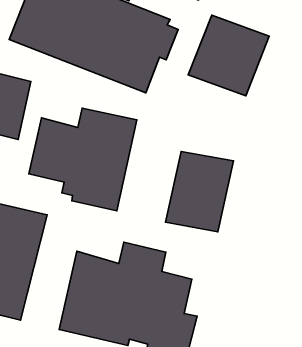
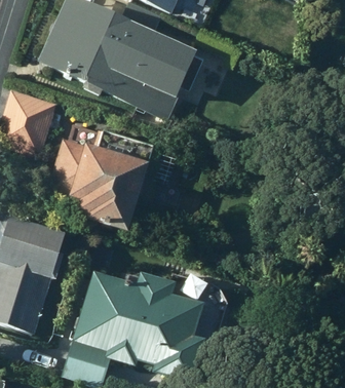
building: [188,15,269,96] -> none
building: [166,151,233,232] -> none

